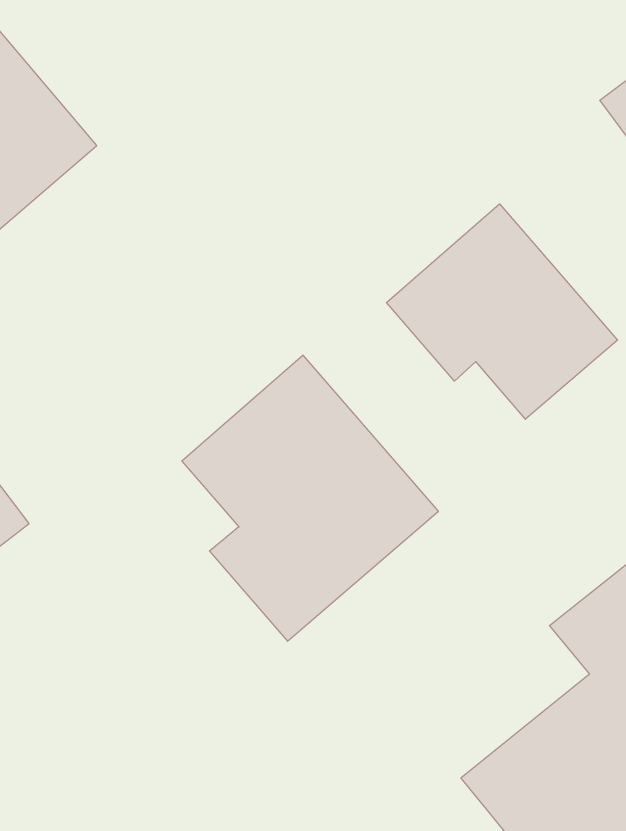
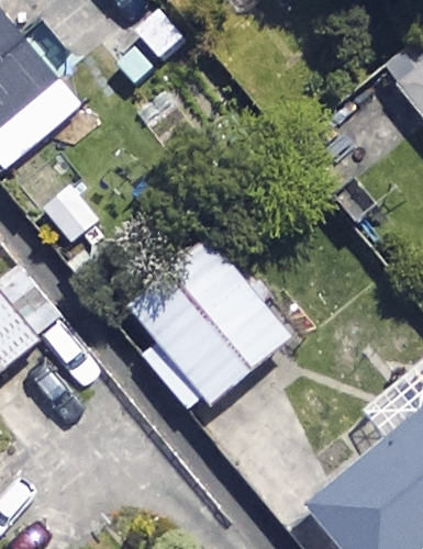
building: [386,204,618,419] -> none

